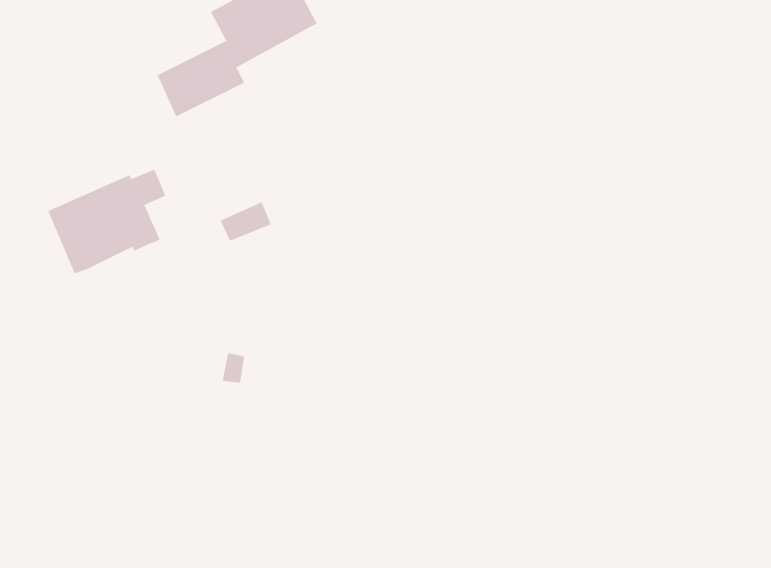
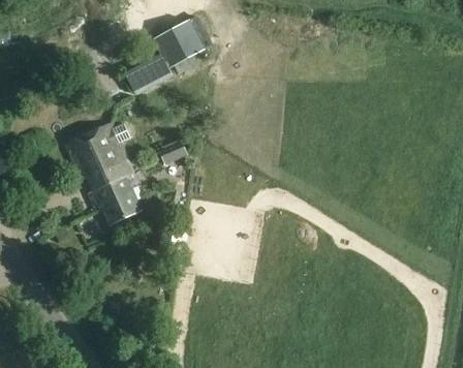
building: none -> [88,160,143,226]

